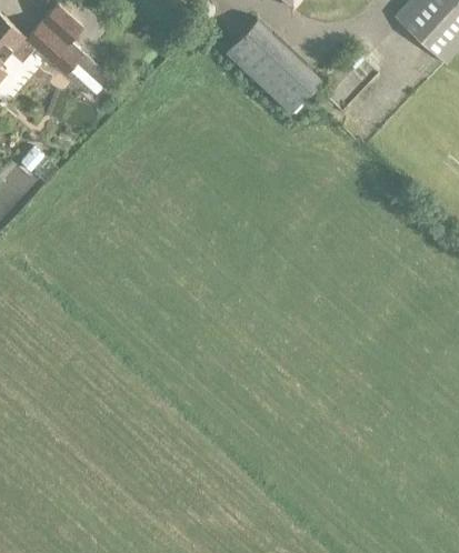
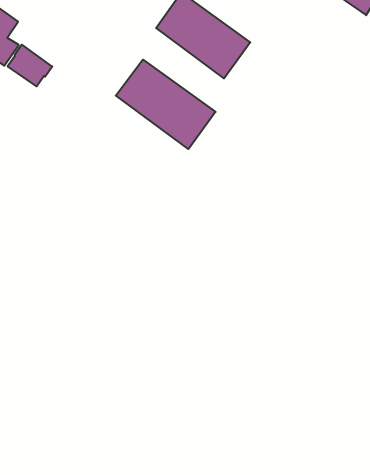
building: none -> [116,60,216,149]

